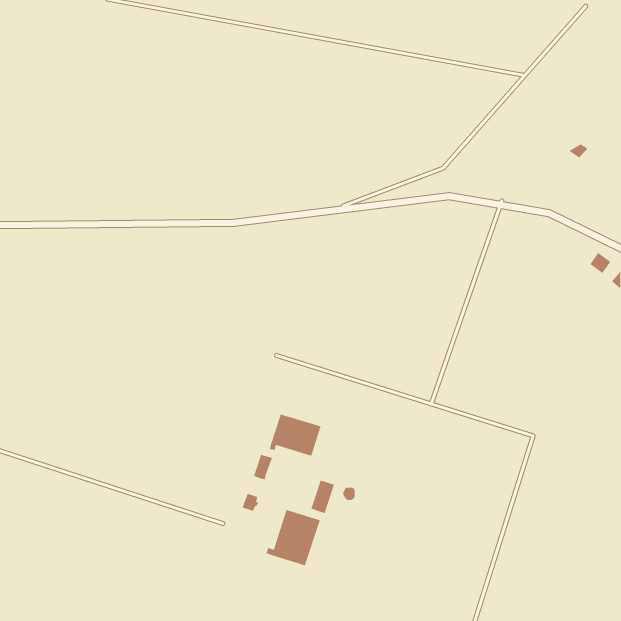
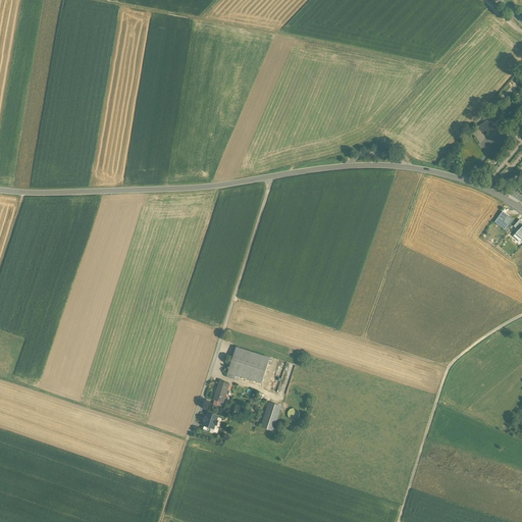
building: [265,509,321,566] -> none

